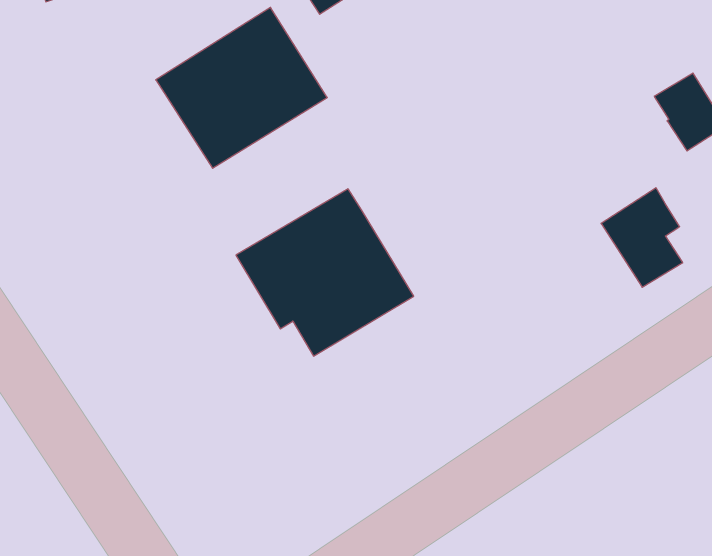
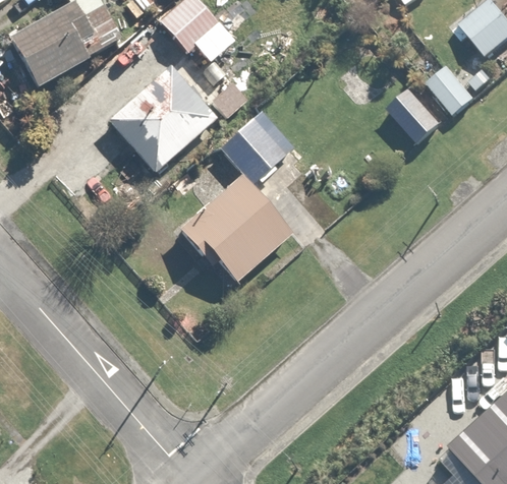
building: none -> [219,120,282,185]
building: [601,188,683,287] -> [389,78,444,142]

